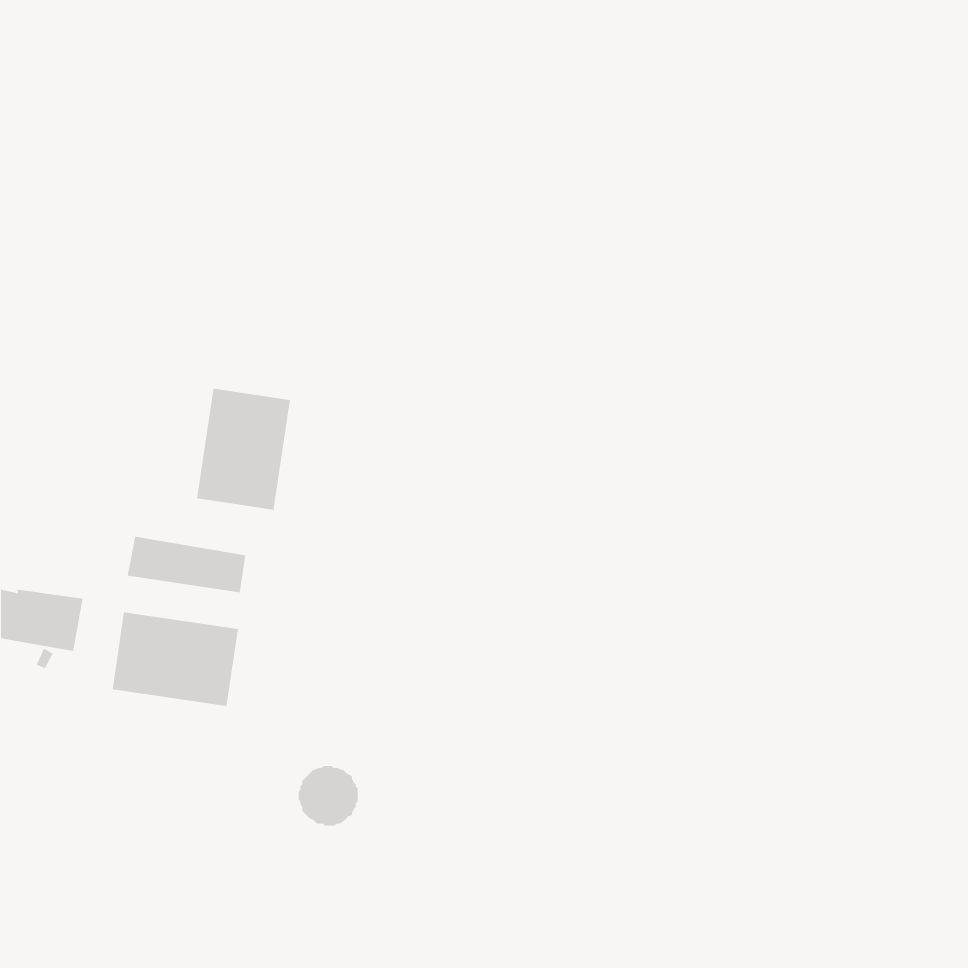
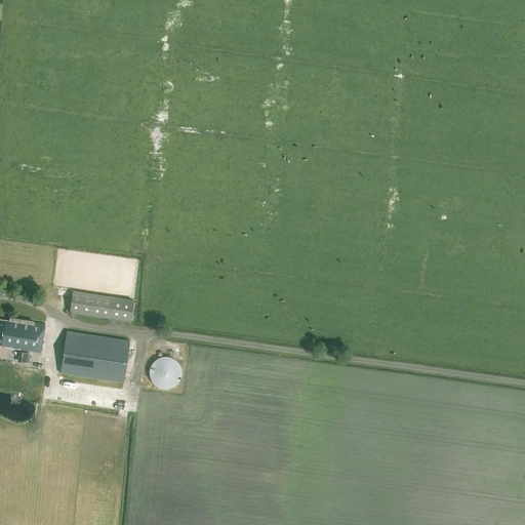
building: [196,388,290,511] -> none
building: [298,765,358,826] -> [149,356,181,389]

